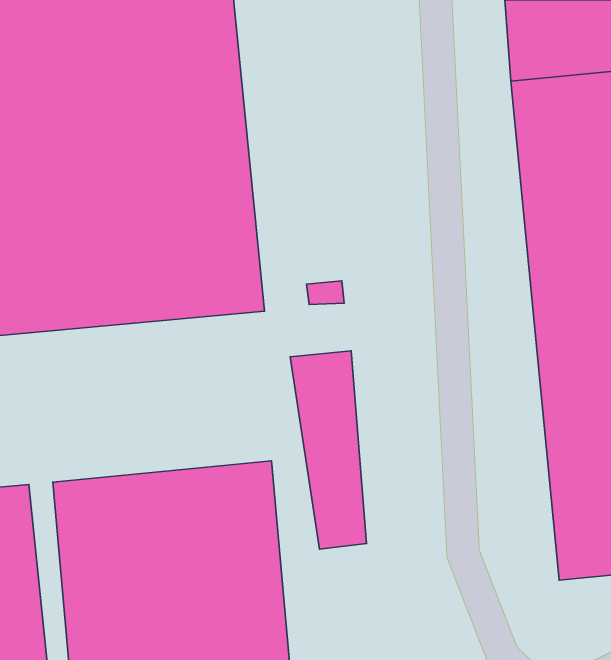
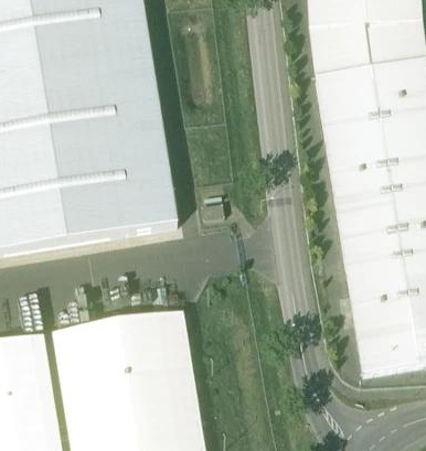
building: [290,351,366,549] -> none

